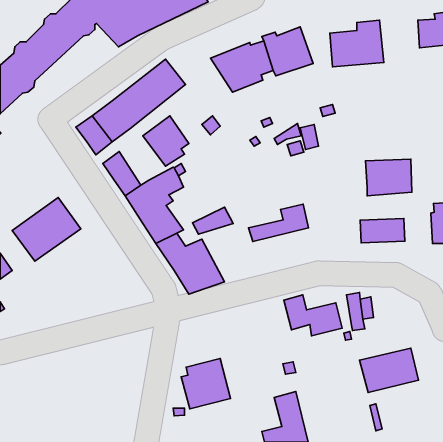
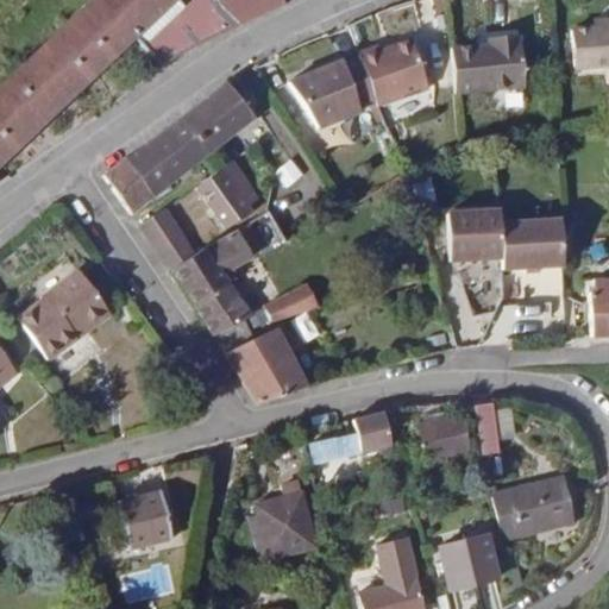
building: none -> [448,208,504,259]
building: [248,204,308,242] -> [310,410,393,462]
building: none -> [120,489,175,547]
building: none -> [441,533,498,589]

